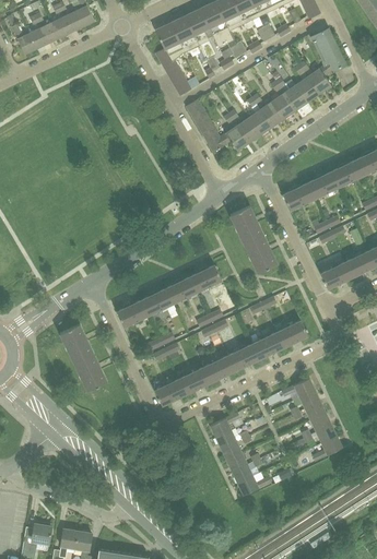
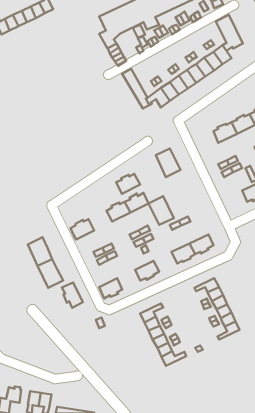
building: [283,182,314,209] -> none
building: [244,234,278,272] -> [148,196,174,225]
building: [320,261,352,288] -> none
building: [141,288,173,314] -> [116,174,140,194]
building: [227,343,259,369] -> none
building: [179,367,210,393] -> none
building: none -> [62,282,83,308]

